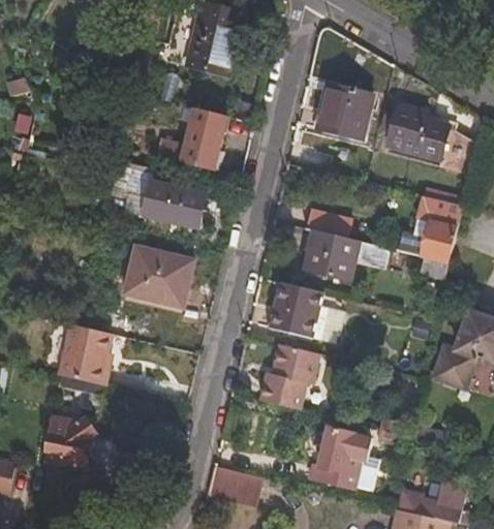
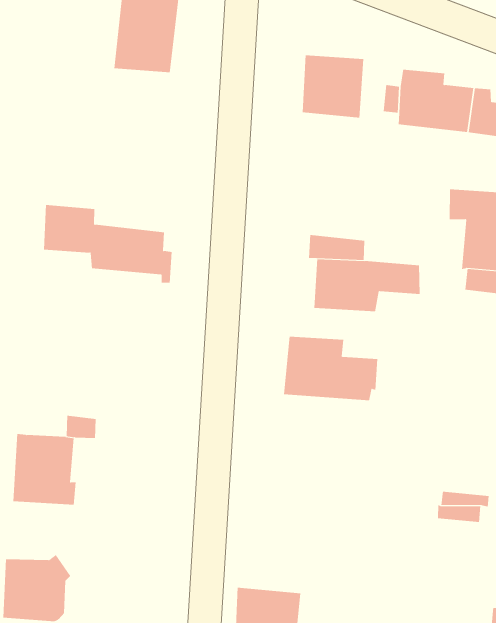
building: [179,112,226,172] -> none
building: [125,246,192,309] -> none
building: [260,347,317,411] -> none
building: [311,426,367,489] -> none

